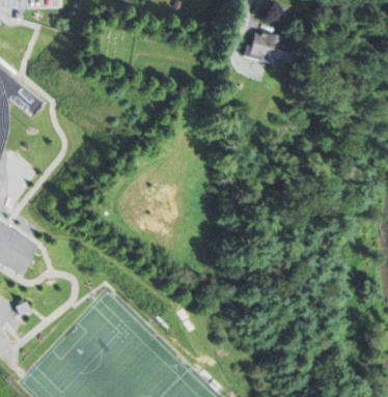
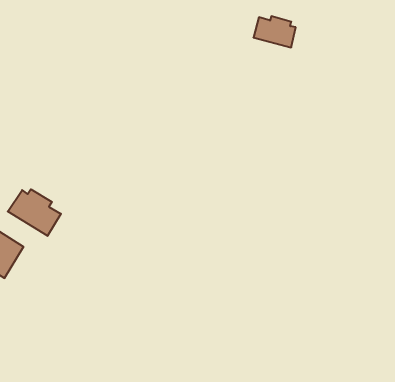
building: none -> [8,189,61,236]

